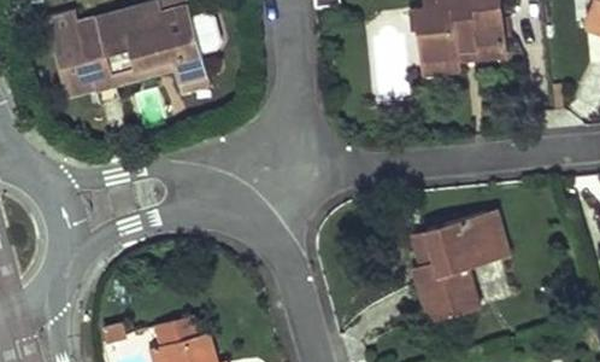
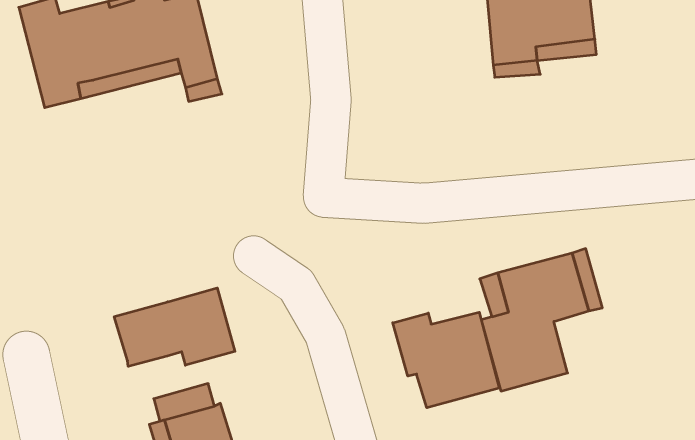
building: none -> [114,288,235,366]
building: none -> [393,312,499,408]

